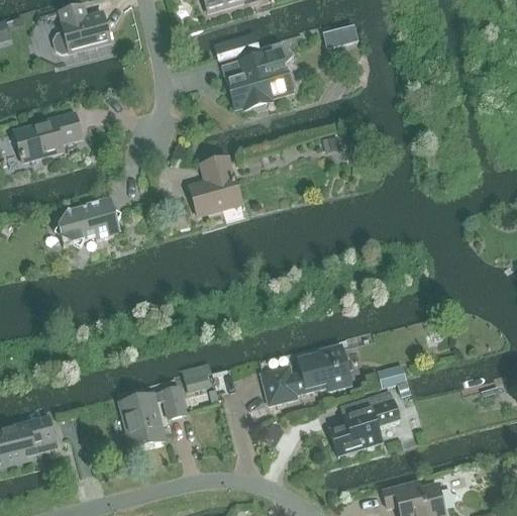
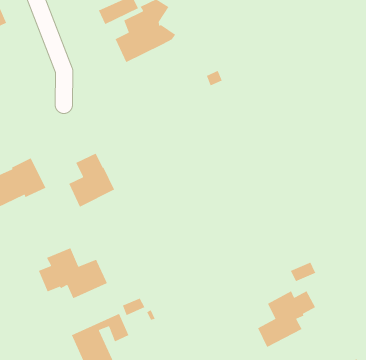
building: [189,157,240,215] -> [68,153,115,208]
building: none -> [38,247,109,302]
building: [261,344,350,404] -> none

